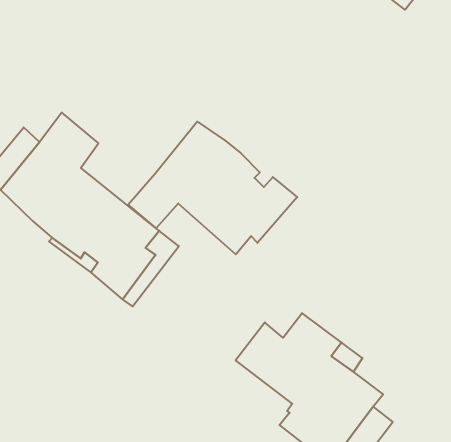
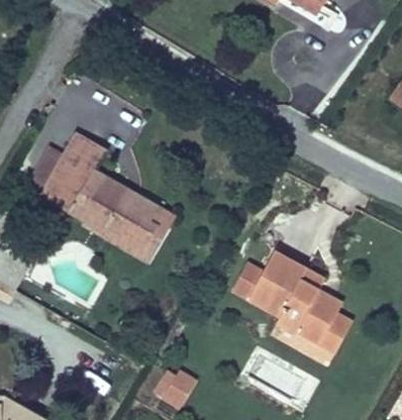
building: [128,122,297,254] -> none

